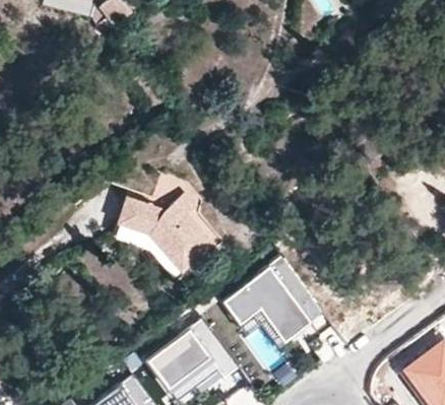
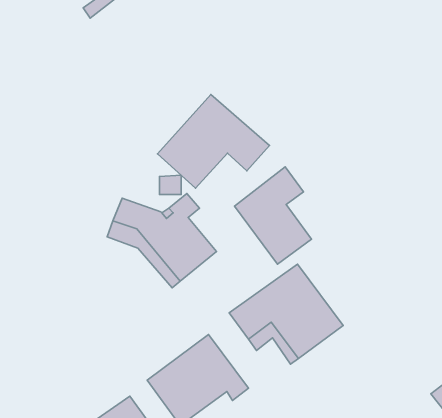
building: none -> [157,95,270,188]
building: none -> [234,167,312,264]

